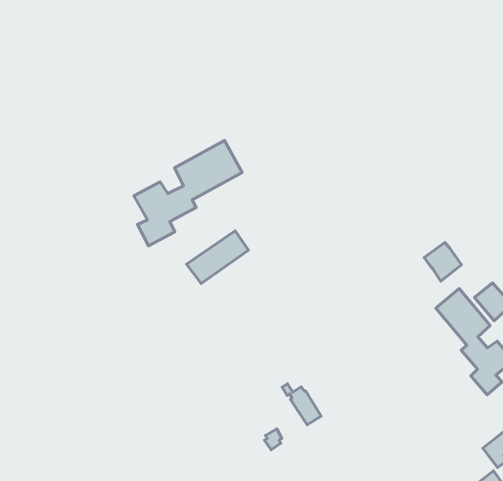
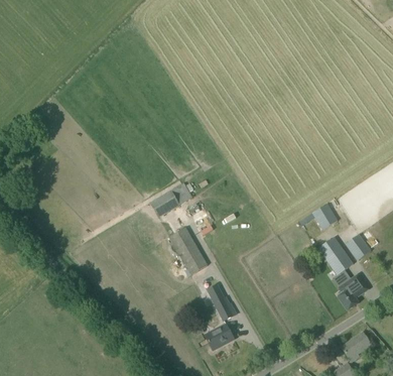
building: [134,140,242,246] -> none
building: none -> [170,228,208,275]
building: none -> [206,325,234,350]

